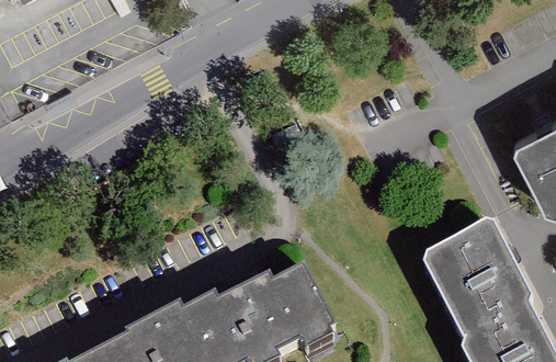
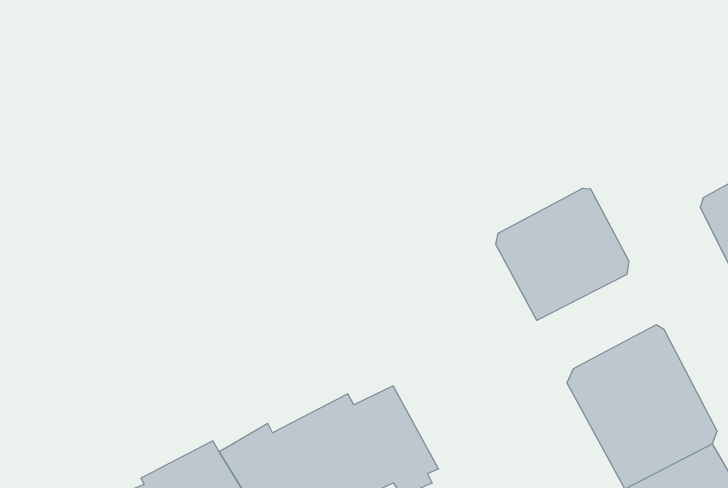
building: none -> [496,188,629,320]

